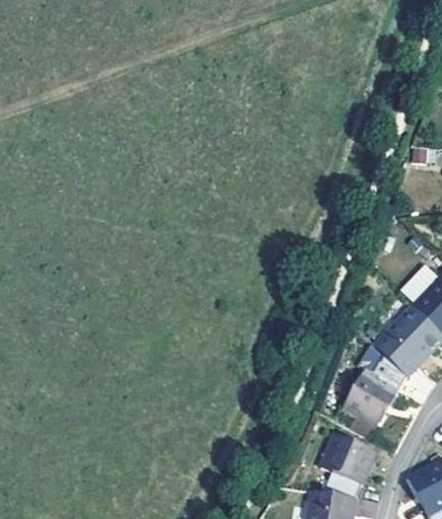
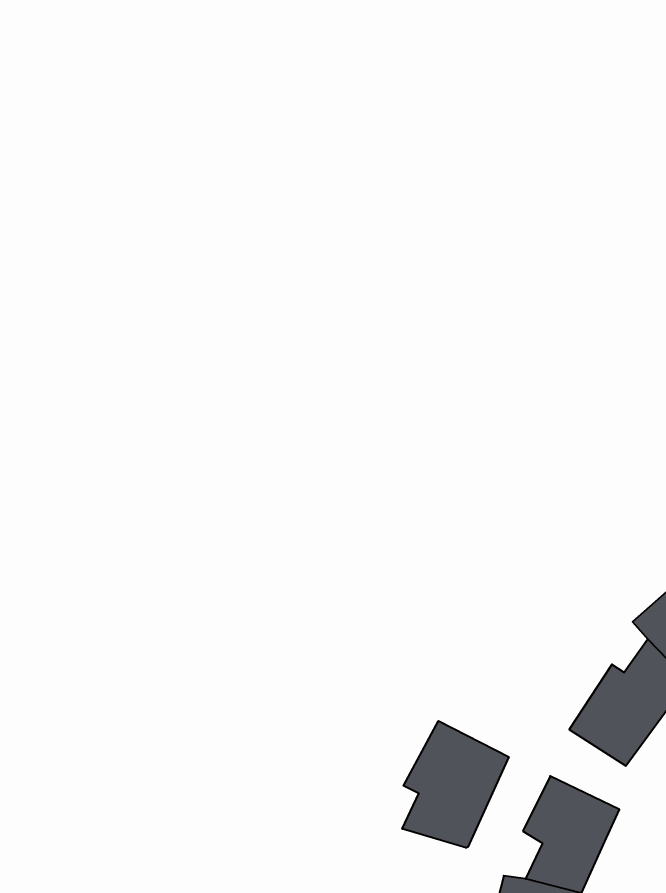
building: none -> [402,721,509,848]

